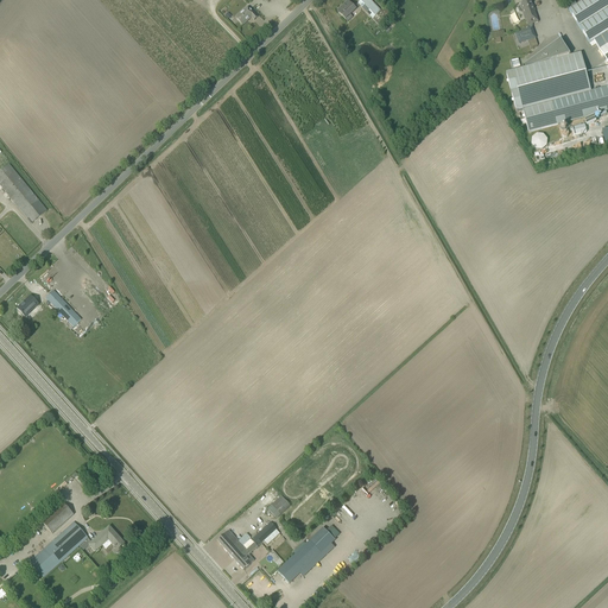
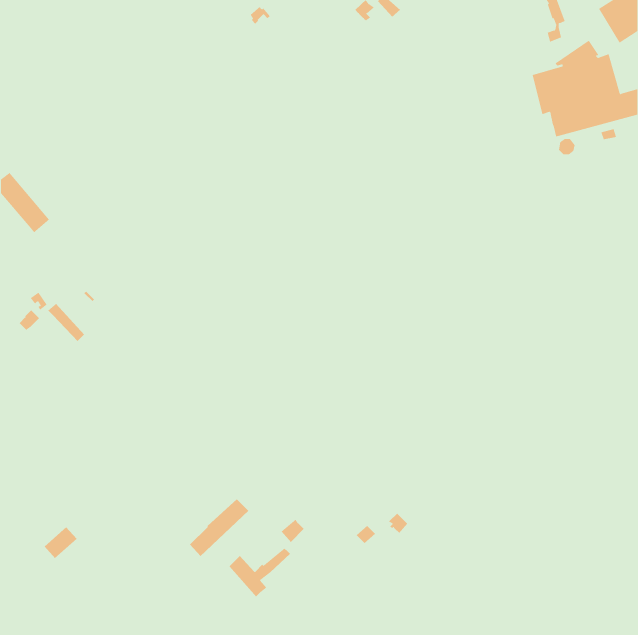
building: [30,520,125,576] -> none
building: [278,526,335,582] -> [189,498,249,557]

